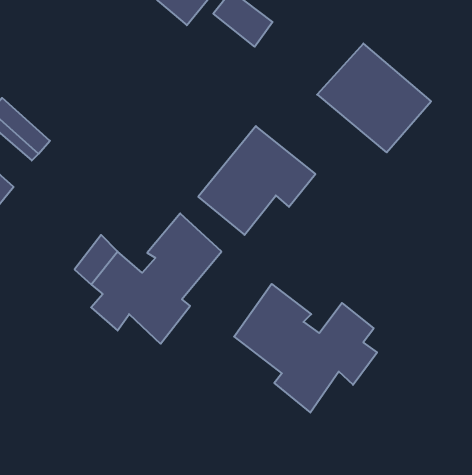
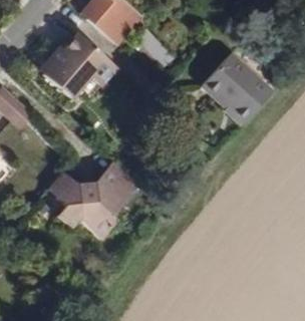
building: [198,126,315,235] -> [43,36,114,102]
building: [234,284,377,413] -> none

